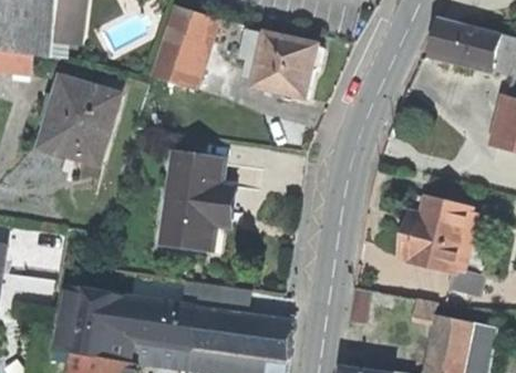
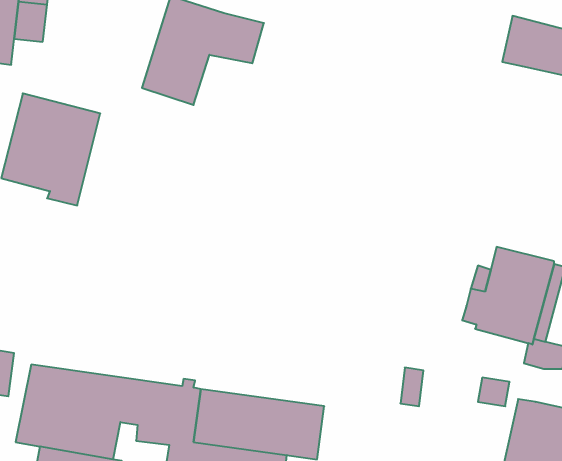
building: [239,32,320,100] -> none
building: [161,155,235,249] -> none

